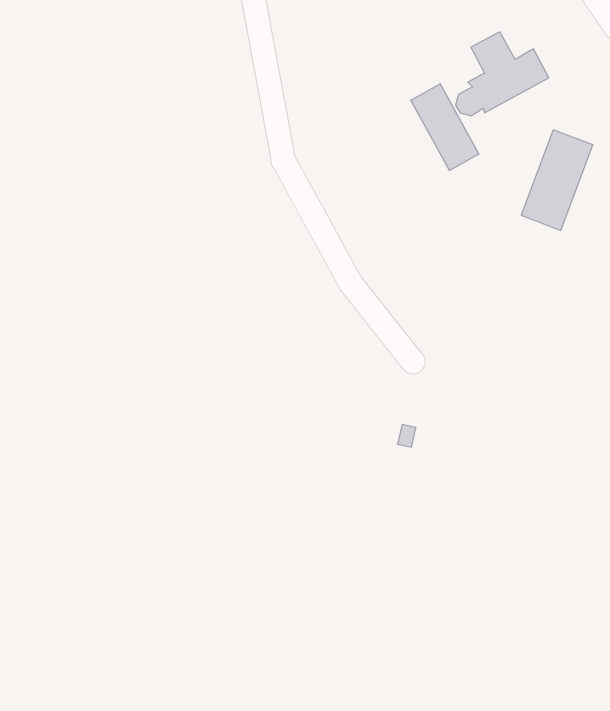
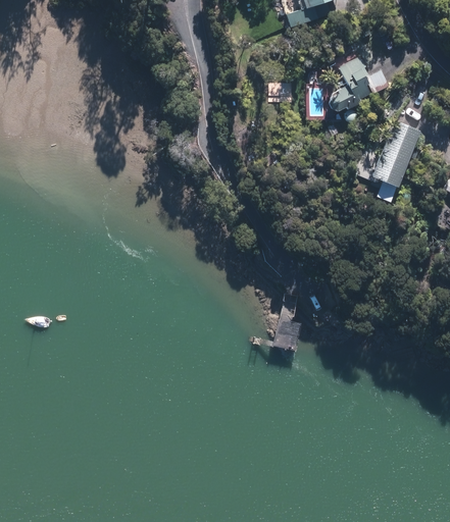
building: [411,84,479,171] -> none

